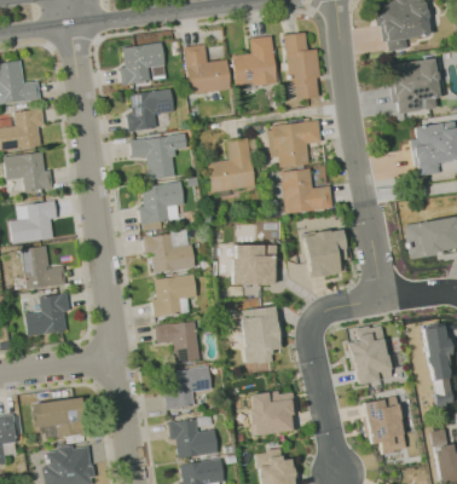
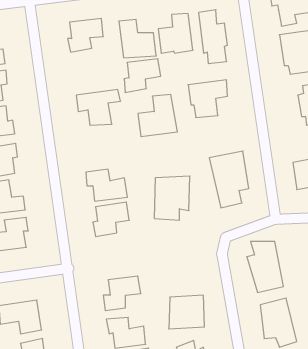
building: [127,88,173,131] -> [124,59,161,92]
building: [277,168,330,213] -> none
building: [139,182,184,224] -> none
building: [237,306,280,368] -> none
building: [155,319,199,364] -> none

